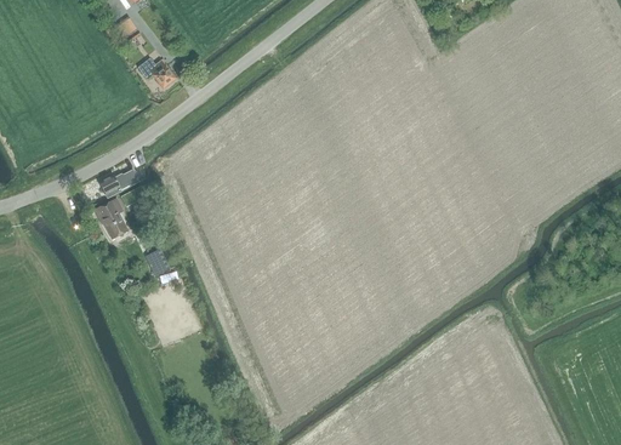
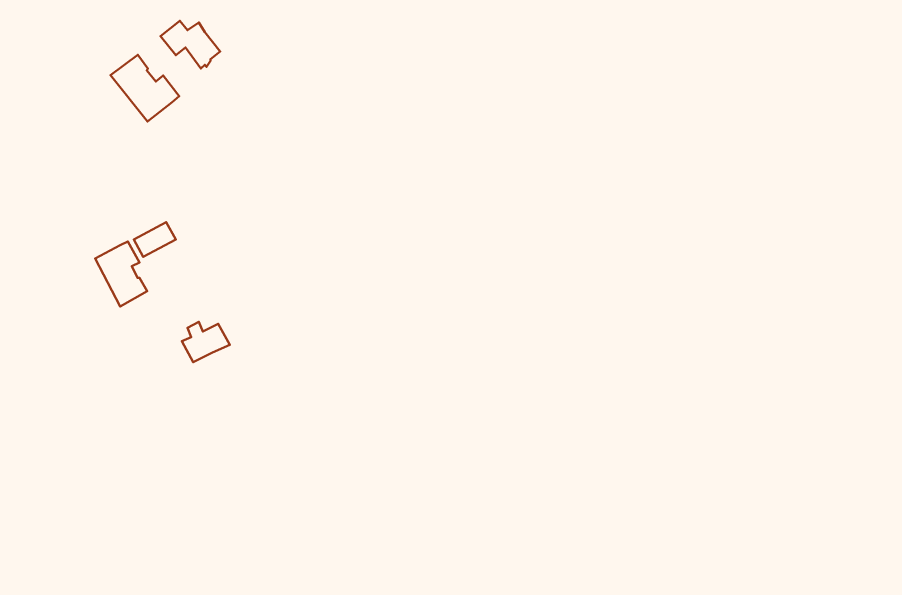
building: none -> [110,55,179,121]
building: [97,170,137,198] -> none

